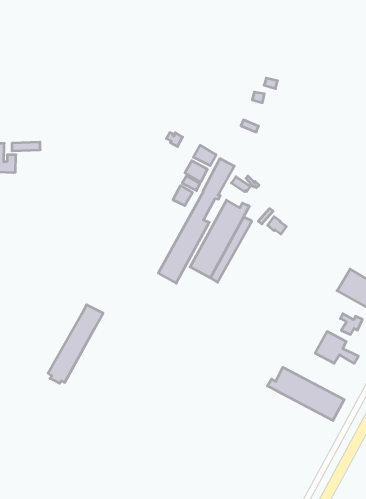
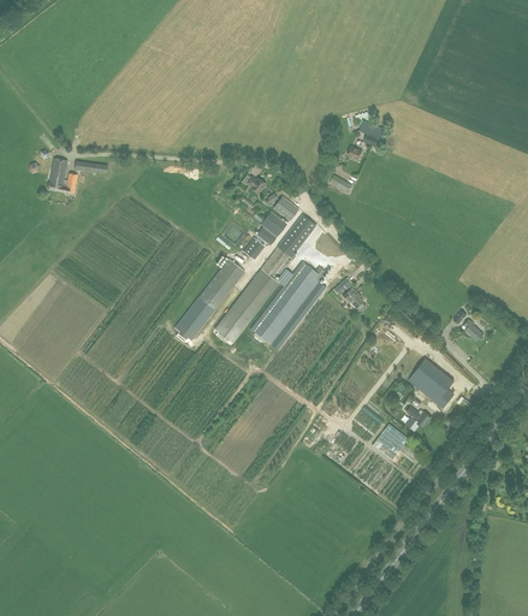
building: [48,305,103,383] -> [174,257,245,339]
building: [267,367,344,421] -> none

